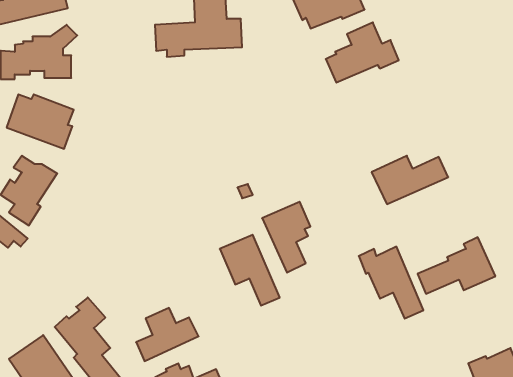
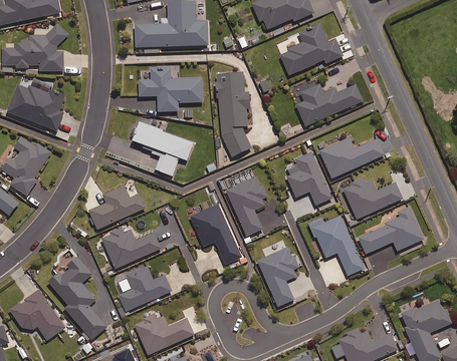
building: none -> [138,66,202,111]
building: none -> [215,71,250,156]
building: none -> [295,82,363,125]
building: none -> [131,121,192,174]
building: none -> [286,151,331,205]
building: none -> [341,174,402,219]
building: none -> [88,185,145,229]
building: none -> [100,226,161,268]
building: none -> [256,247,298,306]

